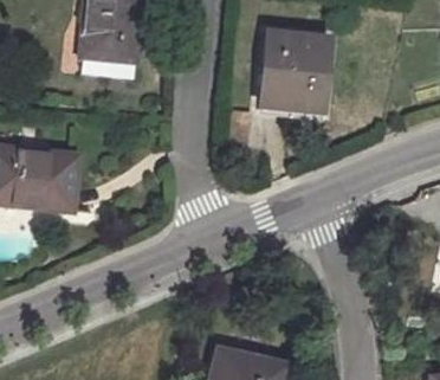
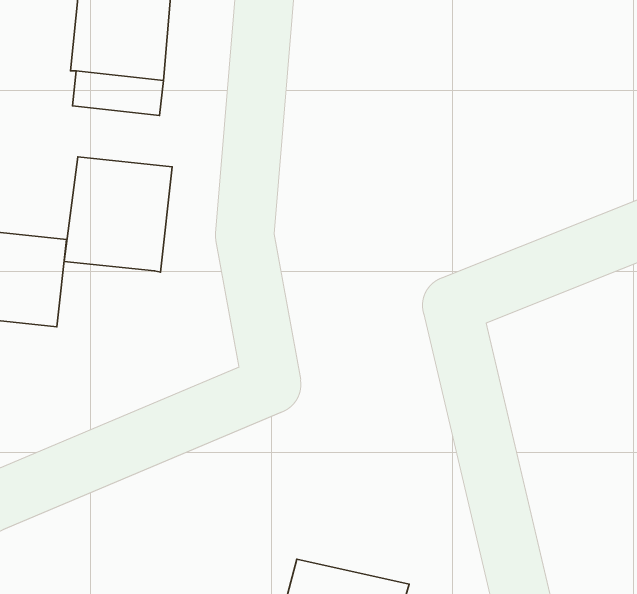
building: [260,32,329,109] -> none
building: none -> [64,157,172,272]

